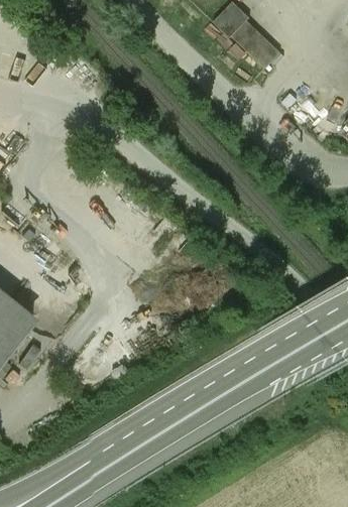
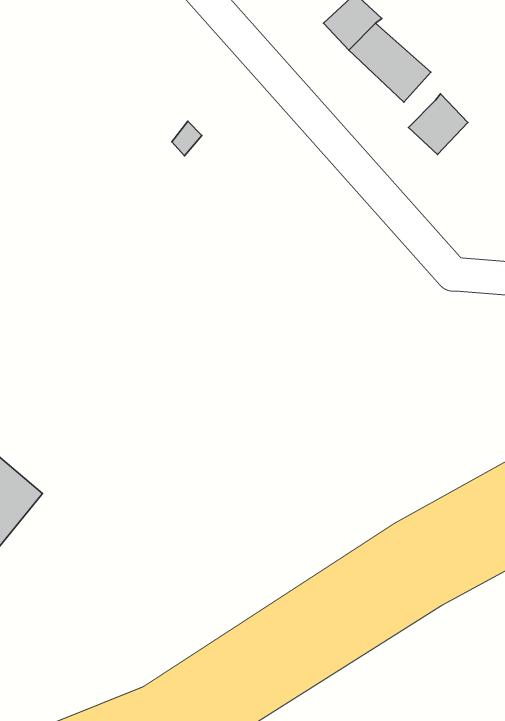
building: none -> [409,94,468,154]

